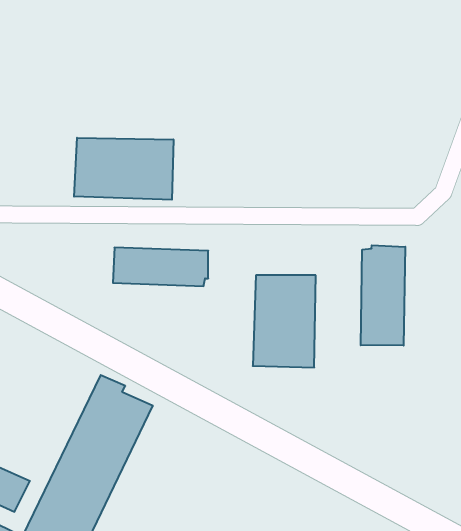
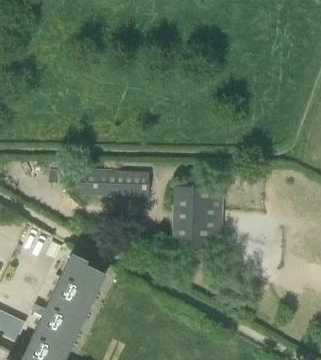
building: [74,138,173,200] -> none
building: [361,245,405,346] -> none

